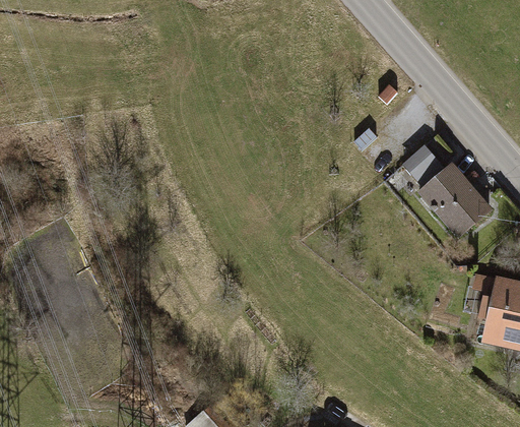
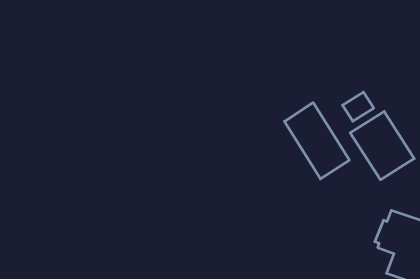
building: none -> [284,103,349,179]

